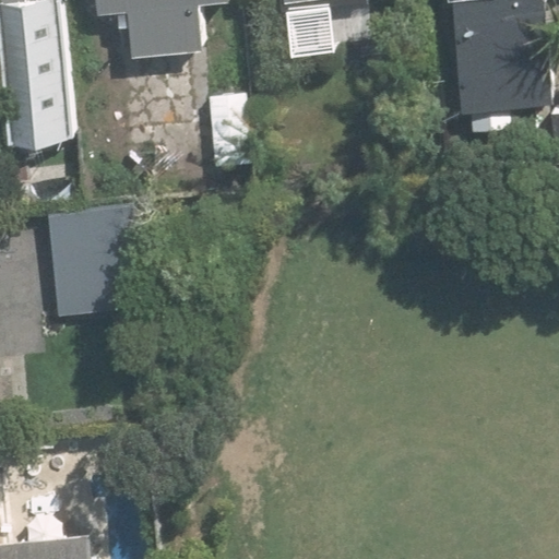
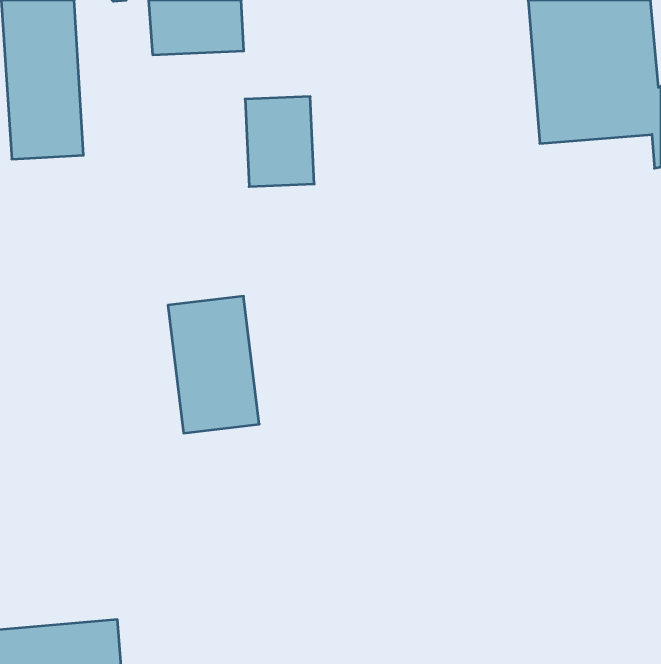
building: [47,201,123,316] -> [168,296,259,433]

